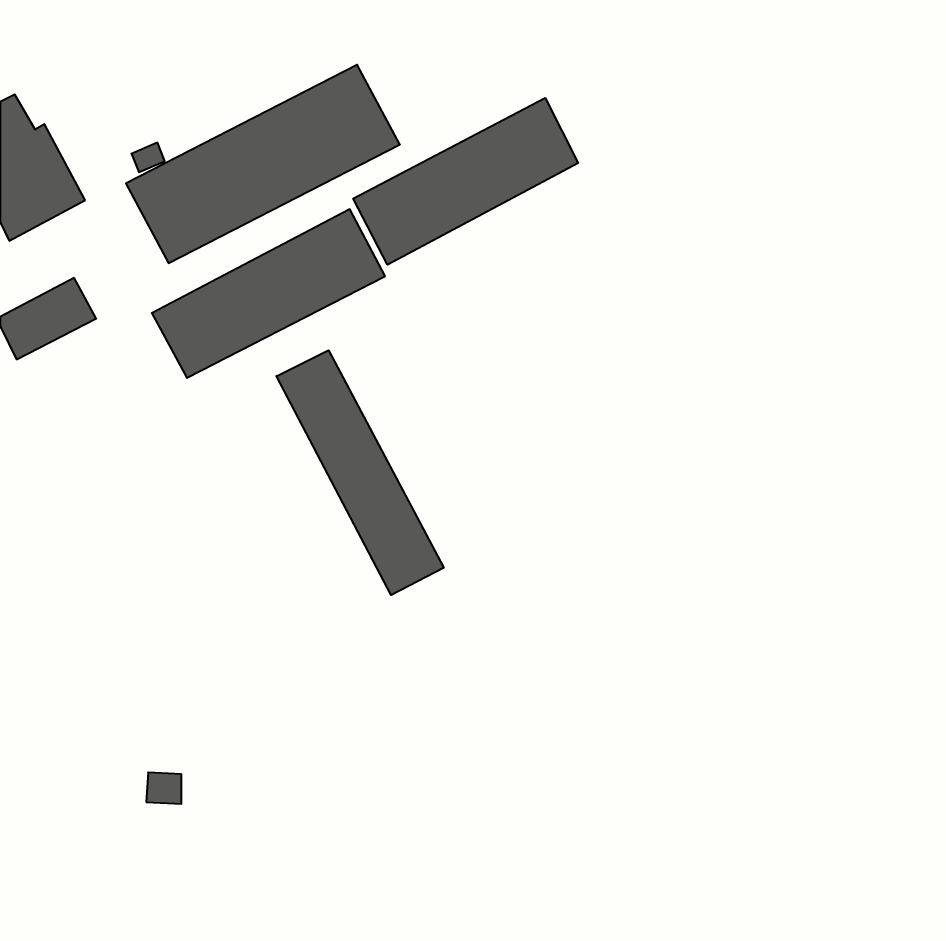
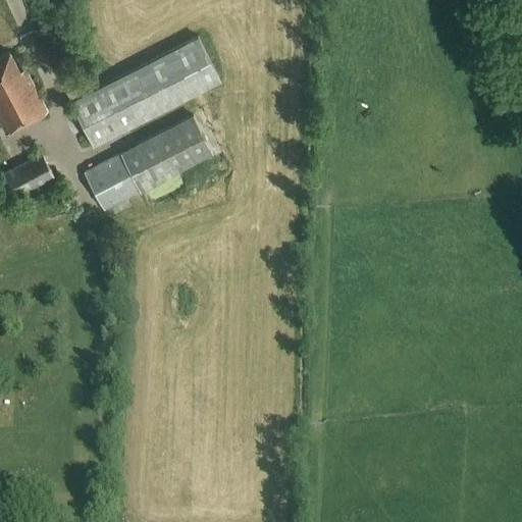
building: [353,98,578,265] -> none
building: [276,350,444,595] -> none

